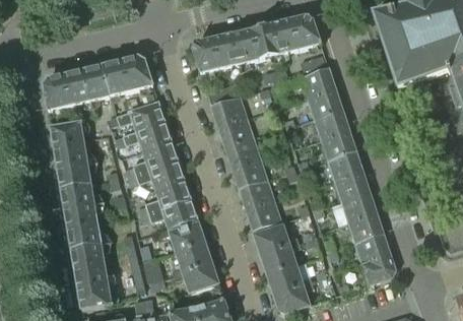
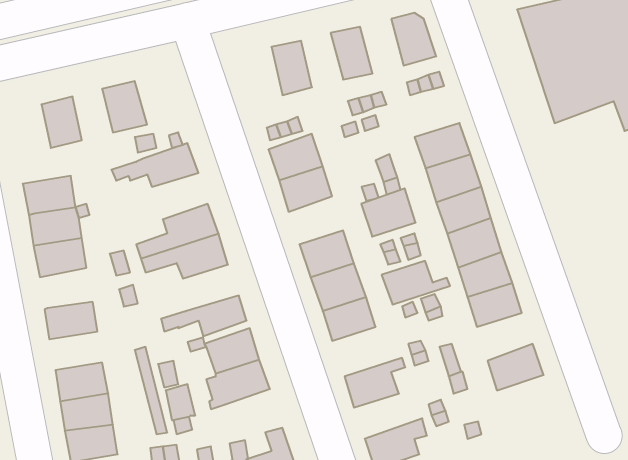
building: [270,19,299,55] -> none
building: [232,28,259,64] -> none
building: [192,38,219,73] -> none
building: [123,56,152,88] -> none
building: [82,65,109,99] -> none
building: [299,66,335,97] -> none
building: [43,75,68,109] -> none
building: [114,120,171,150] -> none
building: [223,135,259,167] -> [361,188,416,237]
building: [137,180,191,215] -> none
building: [61,182,95,209] -> none
building: [346,211,383,243] -> none
building: [67,223,102,249] -> none
building: [253,224,297,253] -> [382,261,450,304]
building: [359,252,395,285] -> none
building: [173,261,218,292] -> none
building: [266,264,311,294] -> none

